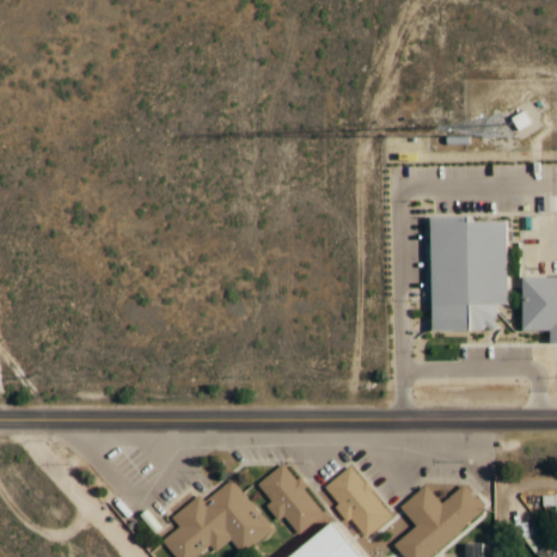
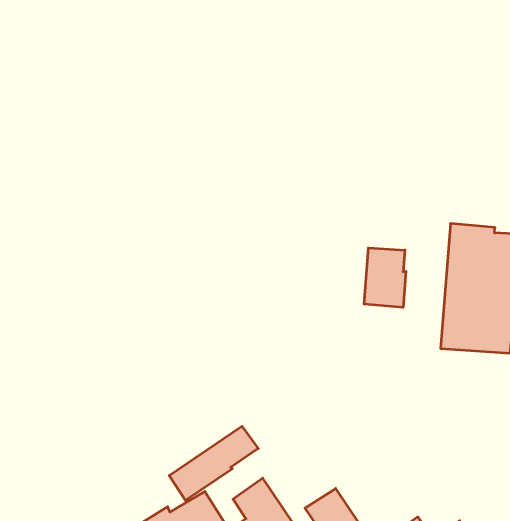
building: none -> [364,248,406,307]
building: none -> [169,426,258,500]

